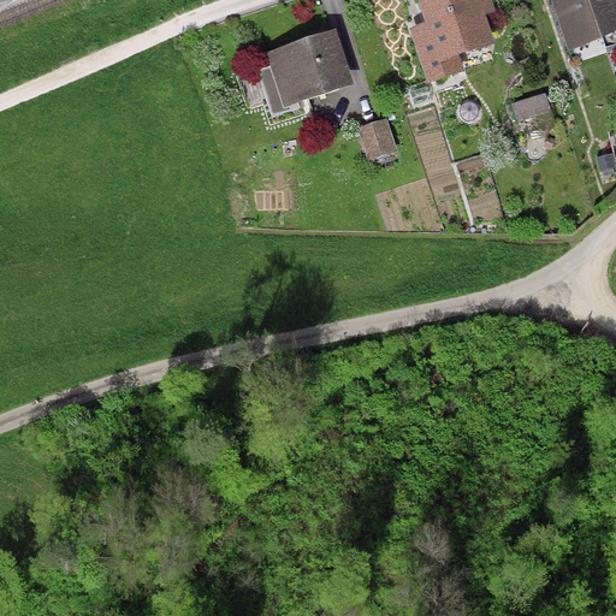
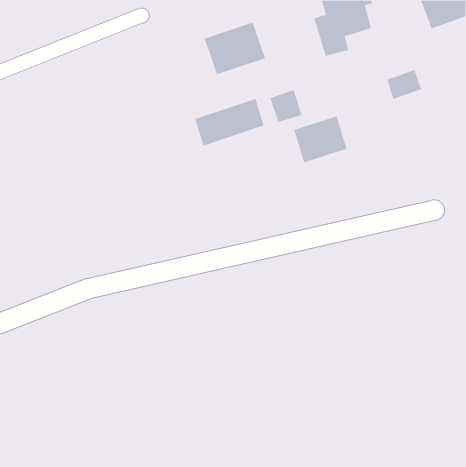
building: none -> [195,98,264,146]
building: none -> [294,116,347,163]

